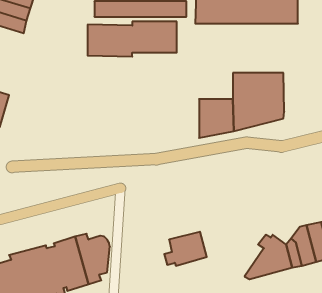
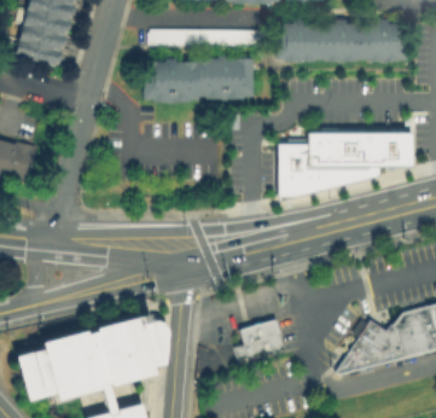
building: none -> [384,118,417,168]

